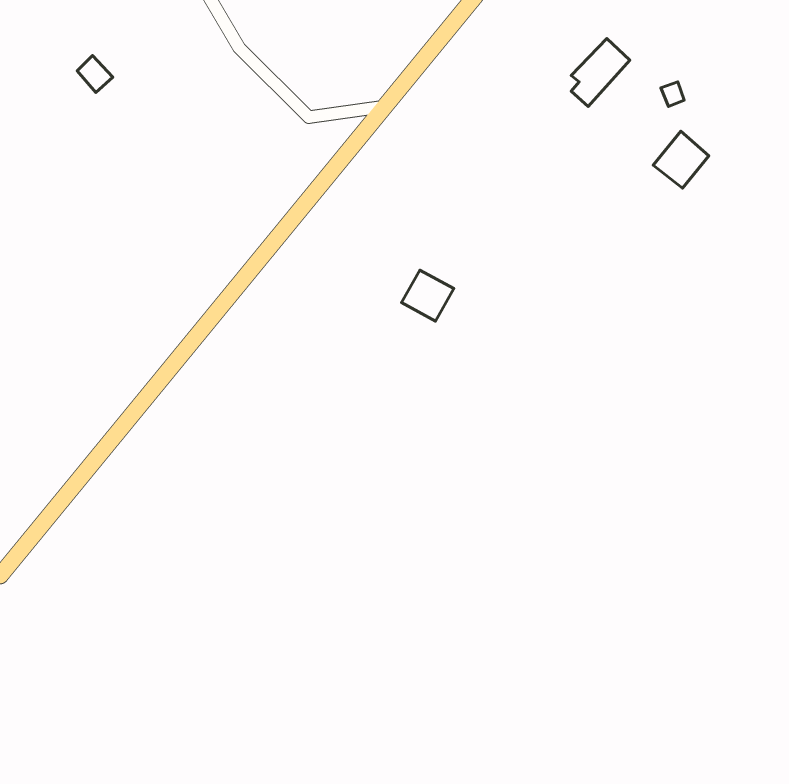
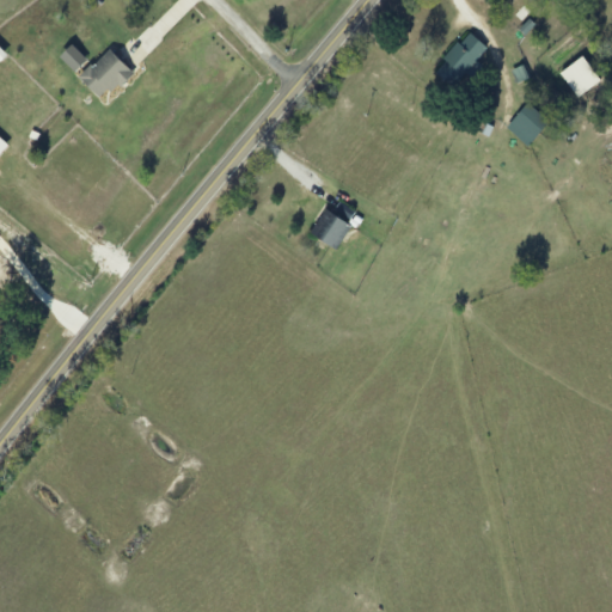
building: none -> [79,48,131,100]
building: none -> [561,55,600,96]

